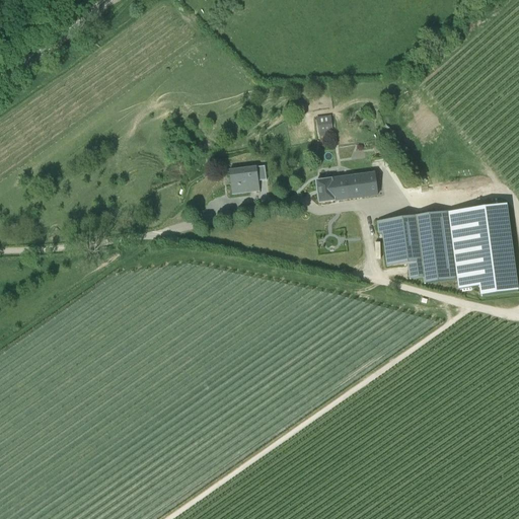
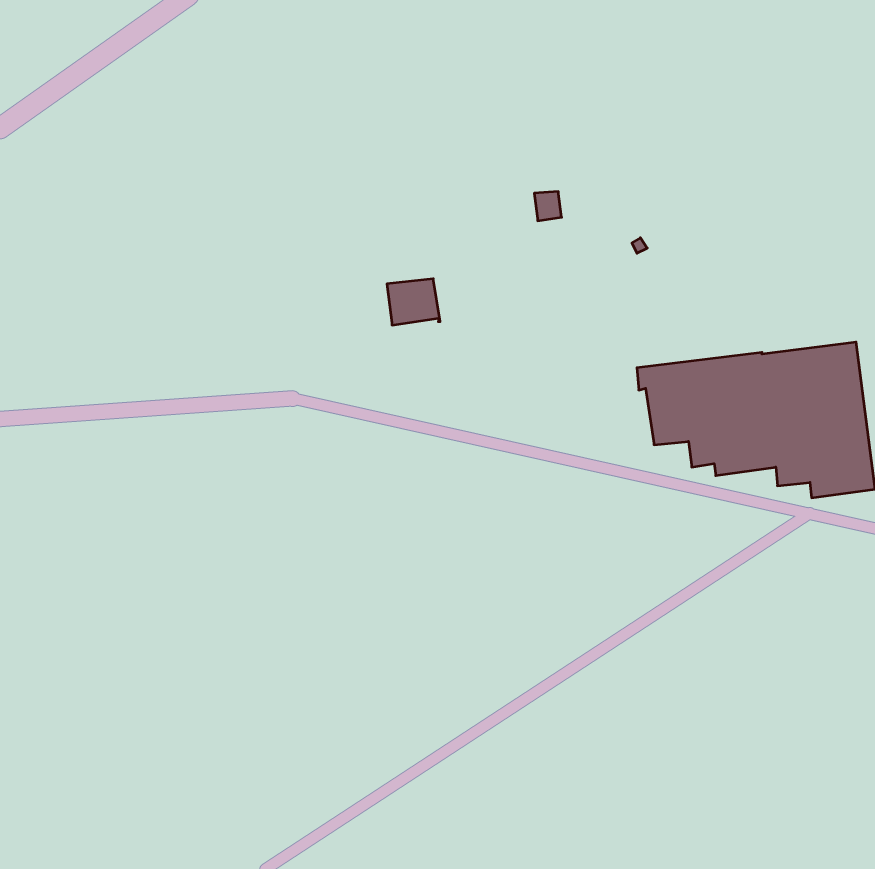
building: [316,171,377,201] -> none

